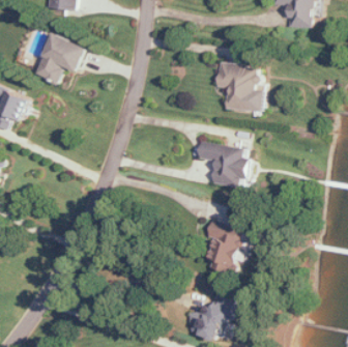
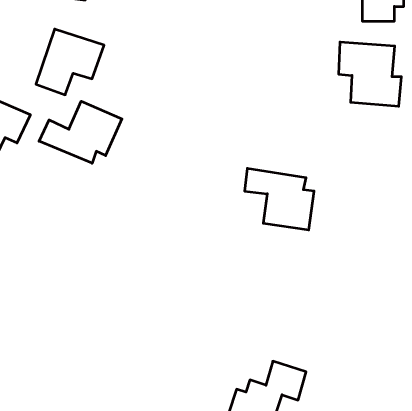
building: [214,62,263,112] -> [339,42,401,106]
building: none -> [39,101,122,163]
building: [205,220,245,270] -> none

